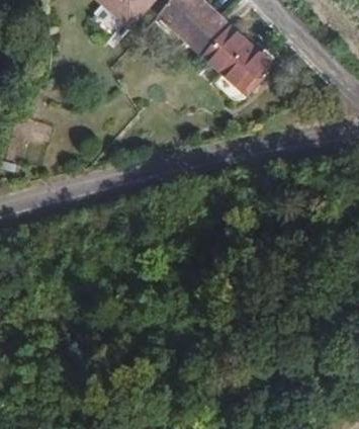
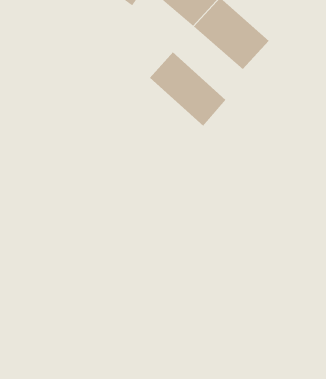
building: none -> [149,51,226,126]

